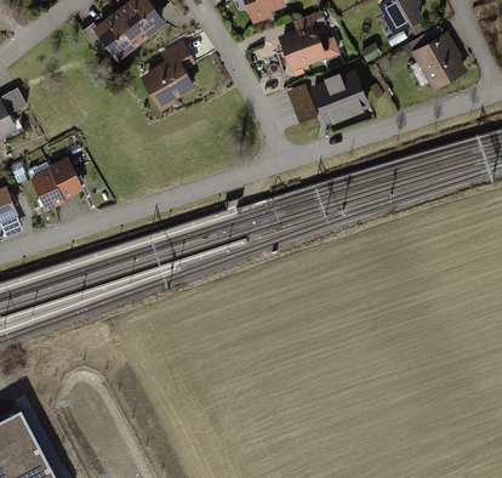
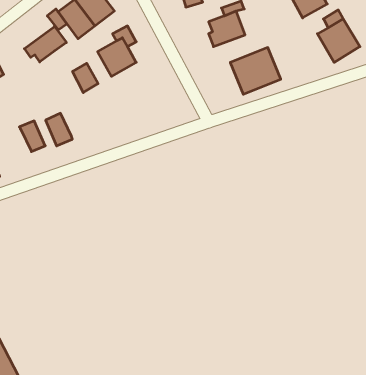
building: none -> [24,26,66,62]
building: [286,85,316,125] -> none
building: none -> [73,63,98,93]
building: [32,170,64,210] -> [46,113,72,146]

